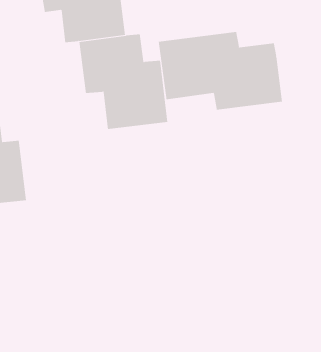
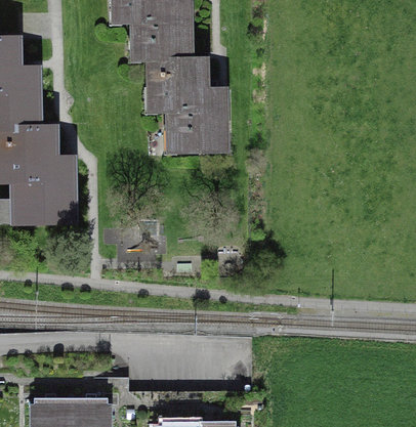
building: [158,31,282,111] -> none

